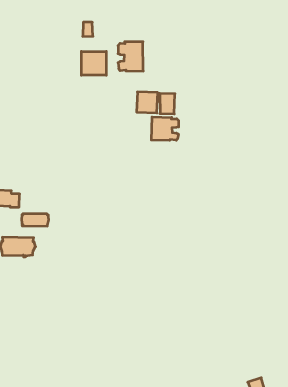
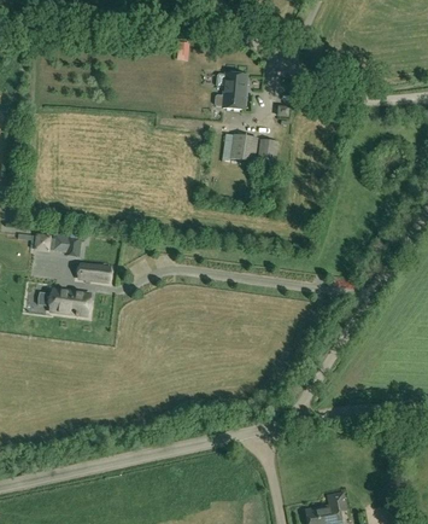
building: [81,51,106,75] -> none
building: [151,117,179,140] -> none

